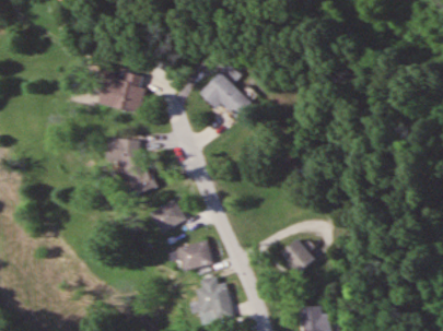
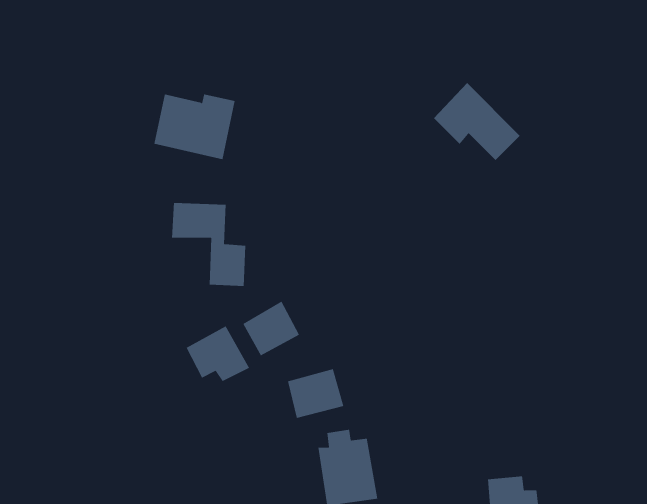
building: [201,71,255,119] -> [433,82,521,161]
building: none -> [186,326,250,382]
building: [281,239,315,274] -> none

